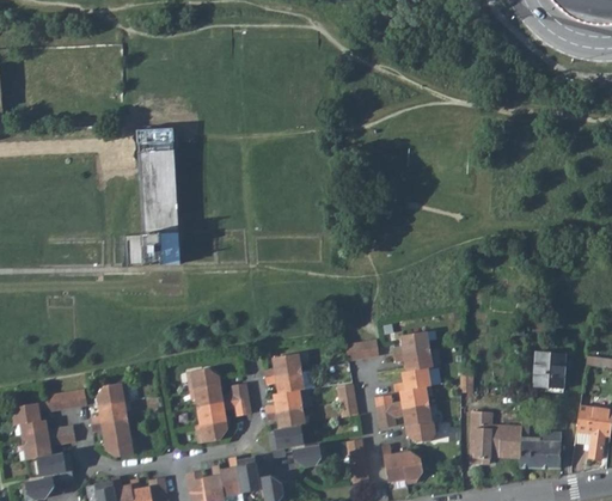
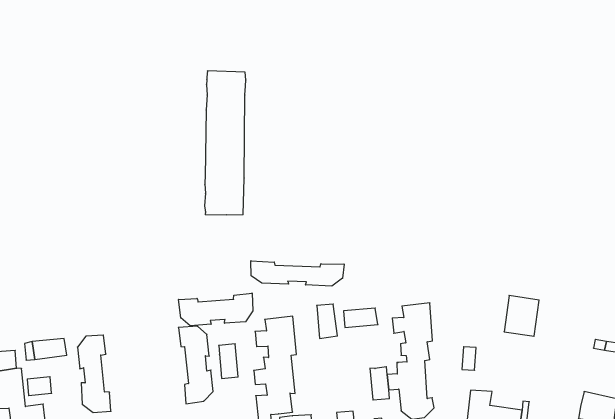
building: [137,128,180,265] -> [205,71,246,215]
building: none -> [251,261,344,286]
building: none -> [179,293,253,326]
building: [534,353,565,390] -> [504,295,539,336]
building: [337,384,359,417] -> [317,304,337,338]

